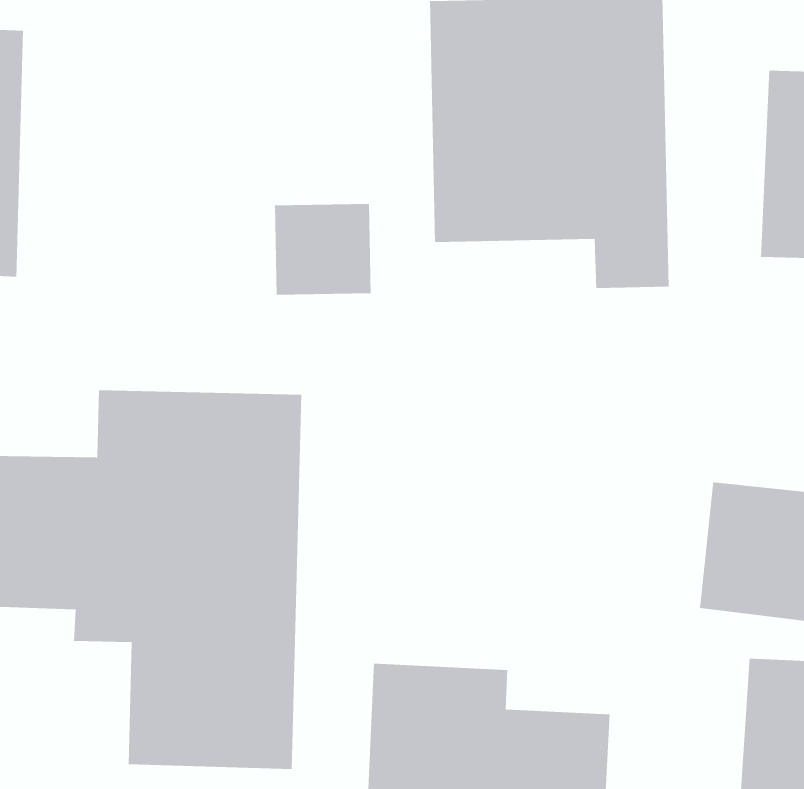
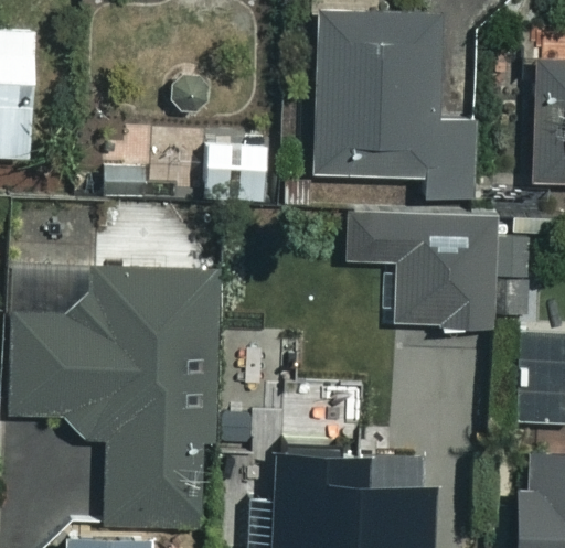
building: none -> [321,215,498,322]

